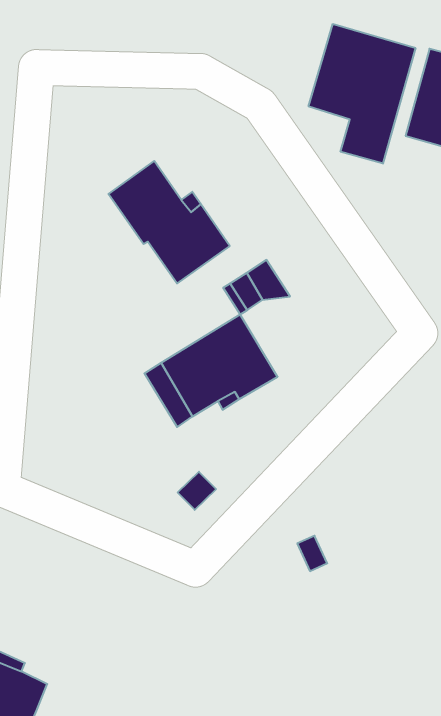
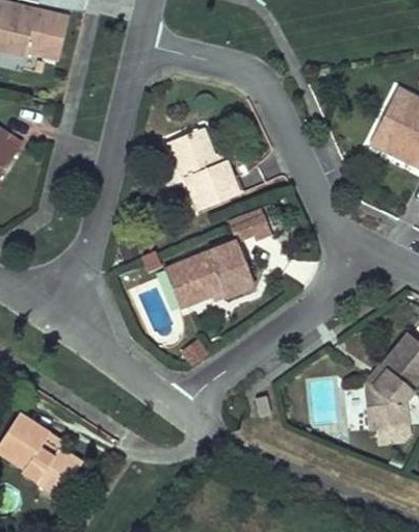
building: [309,24,415,164] -> none

